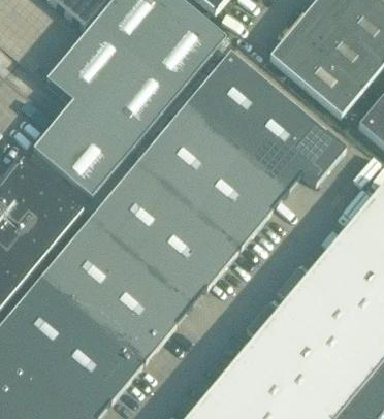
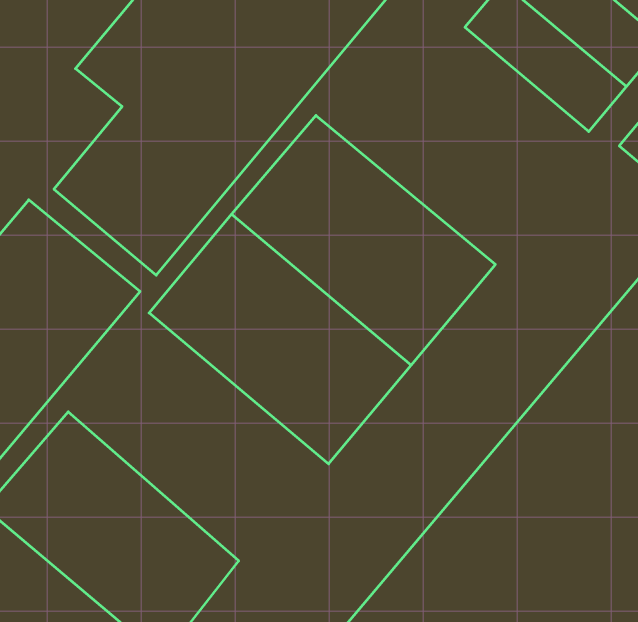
building: [183,52,345,193] -> none
building: [40,221,190,363] -> none

